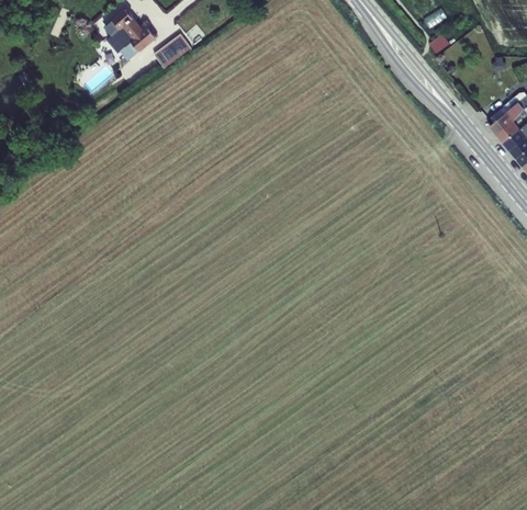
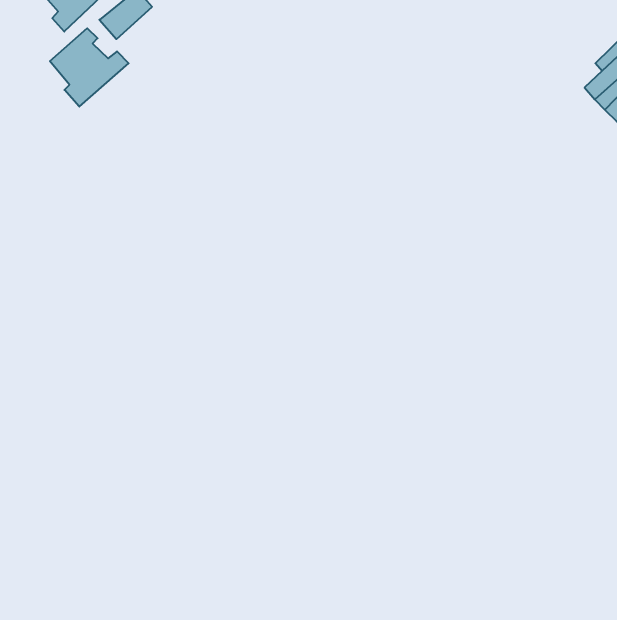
building: none -> [50,28,129,107]

